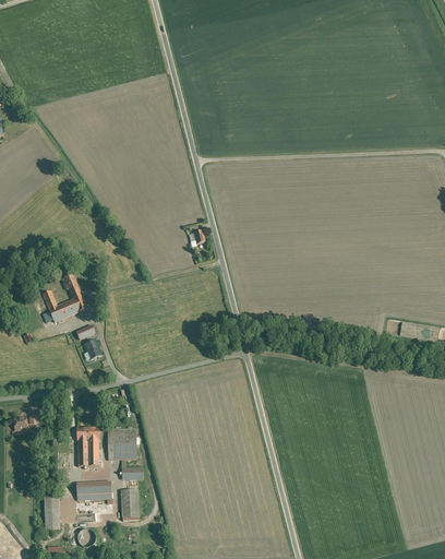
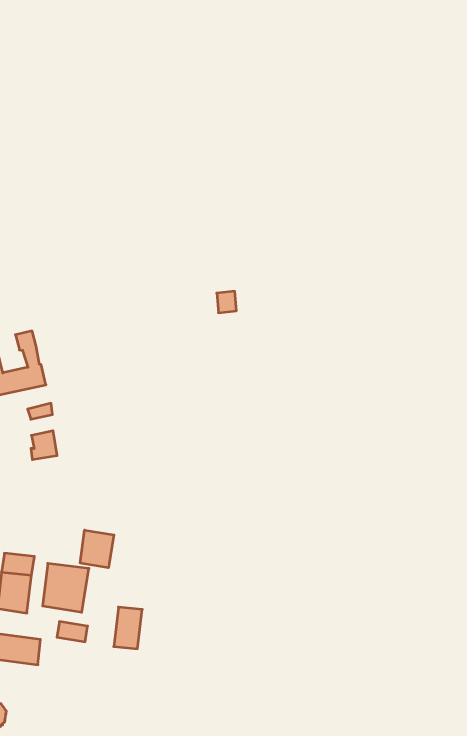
building: none -> [80,530,114,568]
building: [121,489,139,518] -> [114,607,142,649]

